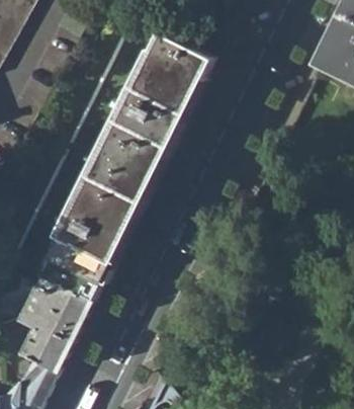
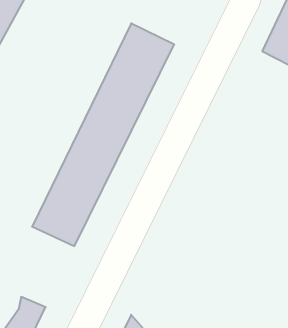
building: [20,272,93,369] -> none

